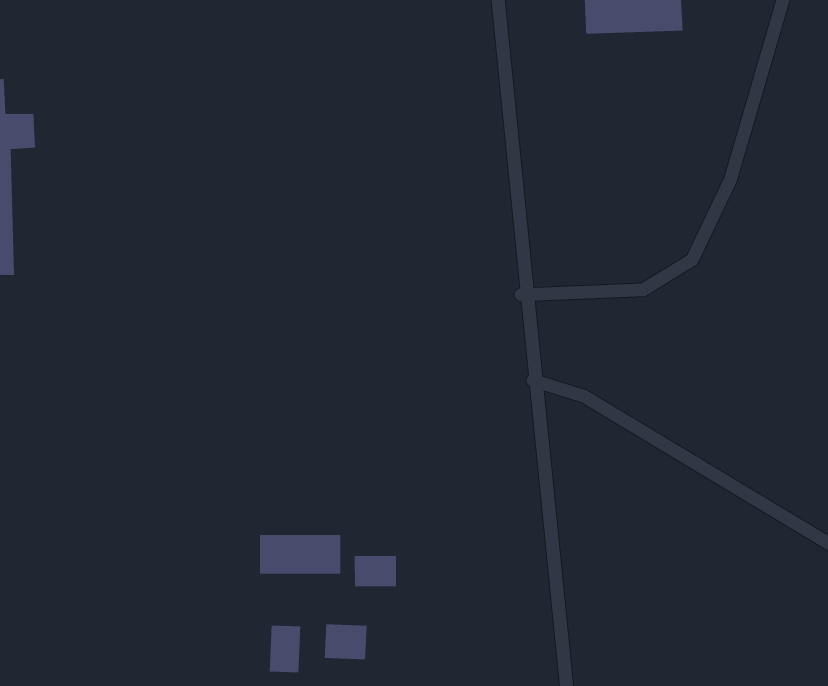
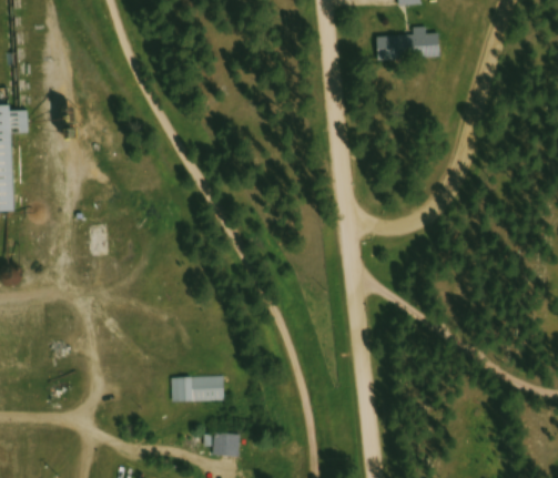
building: [354,555,397,587] -> none
building: [269,625,301,673] -> none

